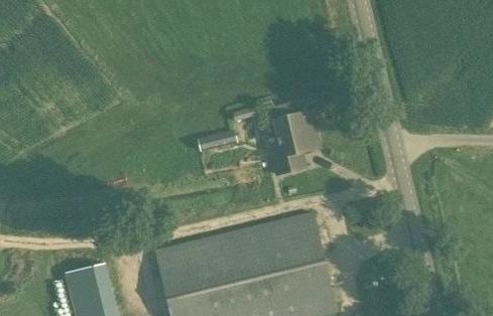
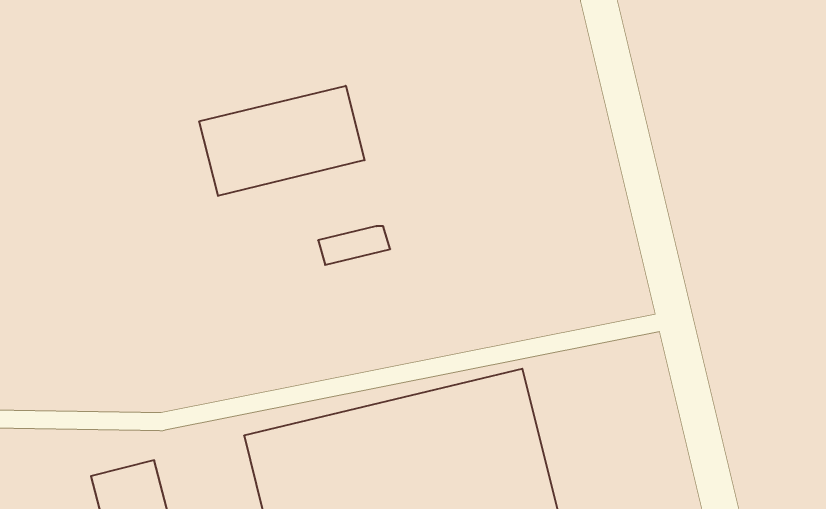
building: none -> [199,86,365,196]
building: [270,103,318,174] -> none

